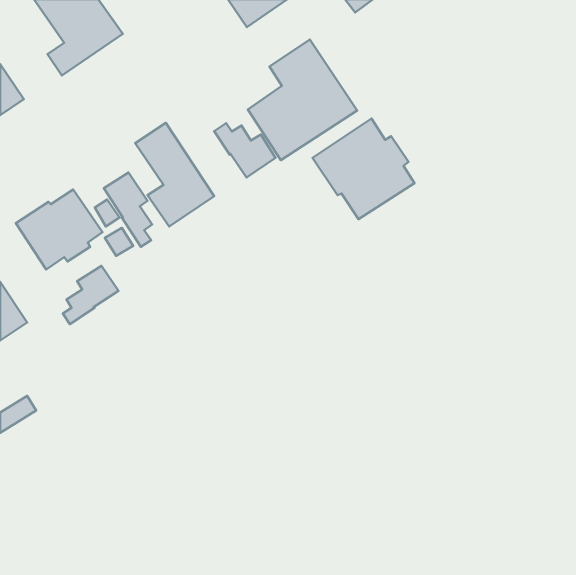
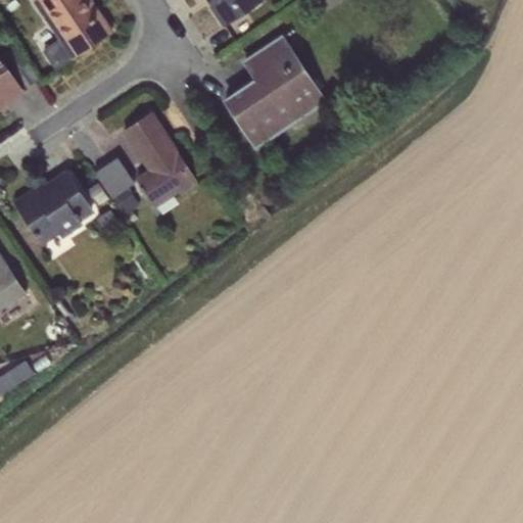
building: [313,119,415,219] -> none
building: [214,123,275,178] -> none
building: [63,266,118,324] -> none

